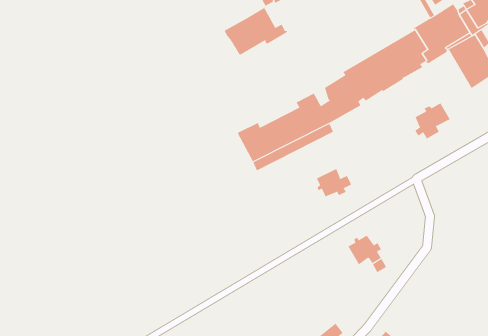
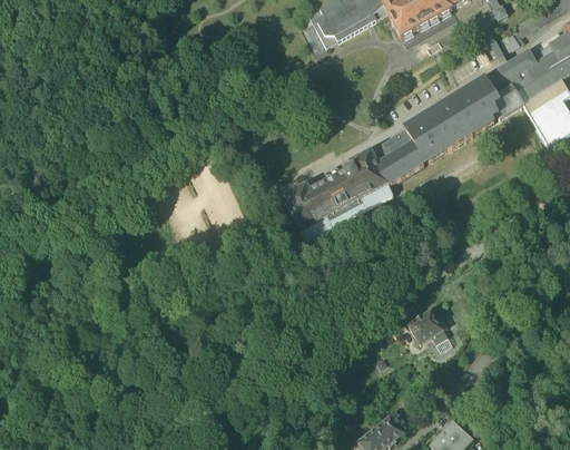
building: [224,7,288,56] -> none
building: [415,102,450,140] -> none
building: [316,168,352,197] -> none

